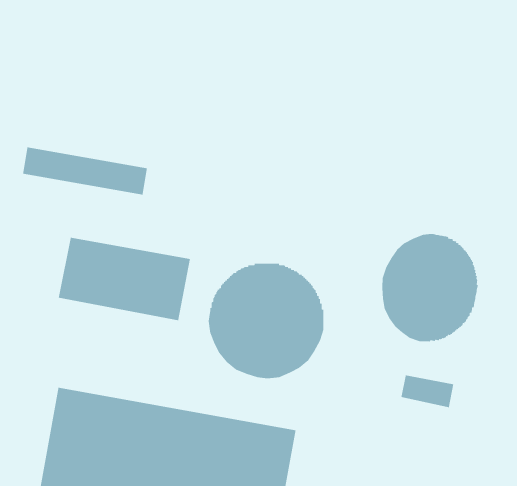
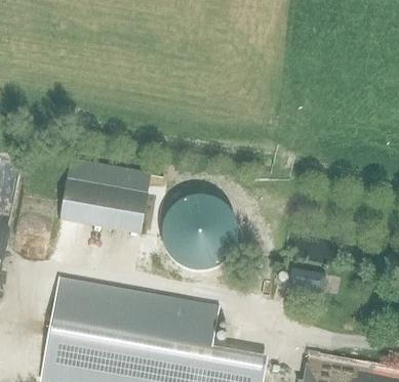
building: [22,147,148,195] -> [68,159,152,192]
building: [381,233,479,343] -> none

